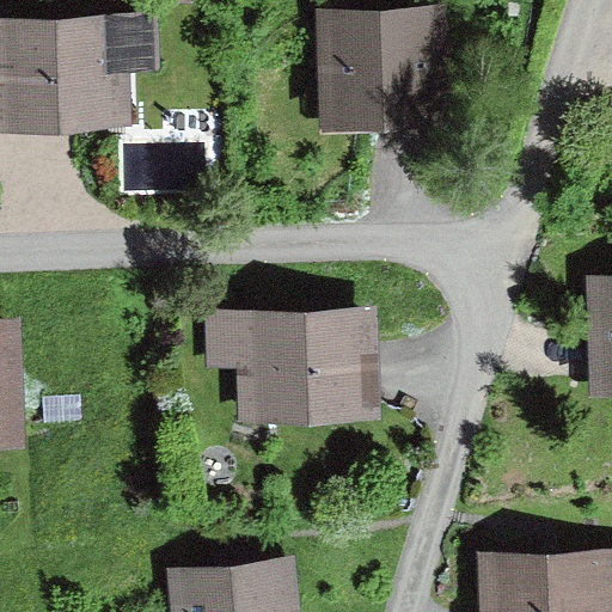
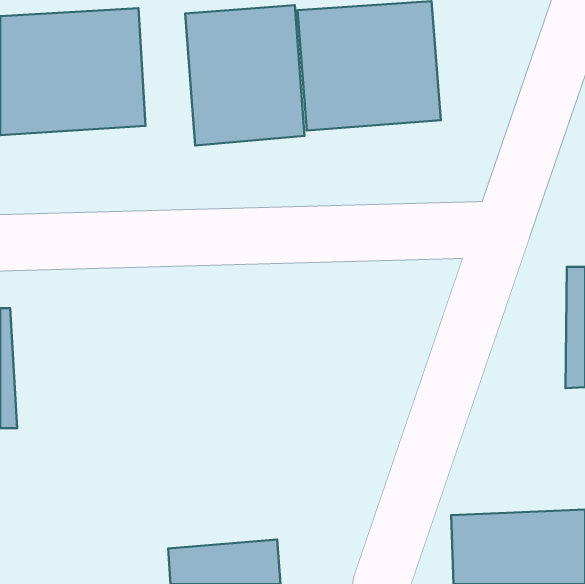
building: none -> [185,5,305,145]
building: [203,312,384,428] -> none

